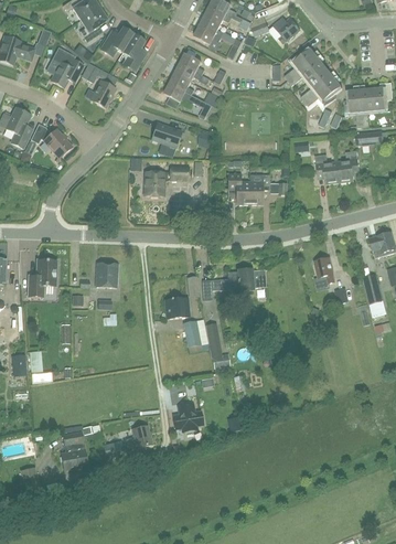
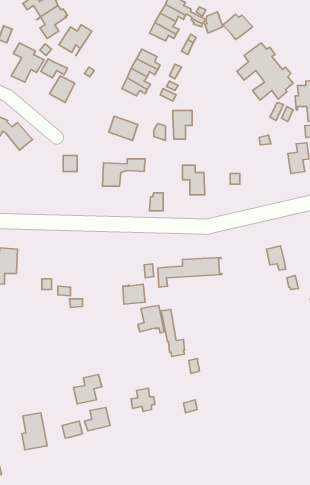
building: [117,33,147,70] -> none
building: [314,153,340,183] -> none
building: [249,173,269,203] -> [173,111,192,139]
building: [95,260,118,286] -> none
building: none -> [74,374,102,404]

